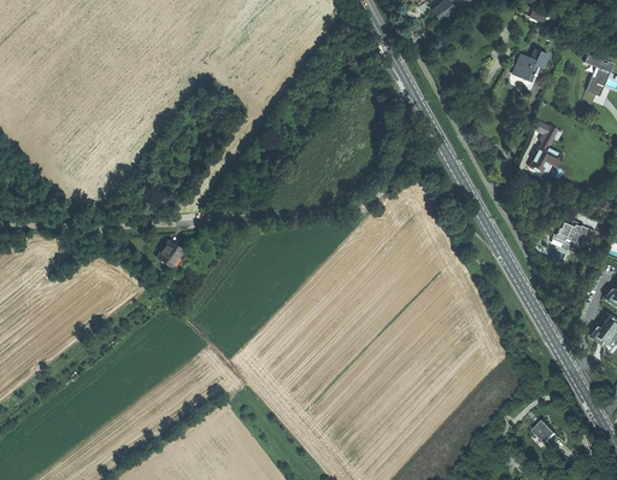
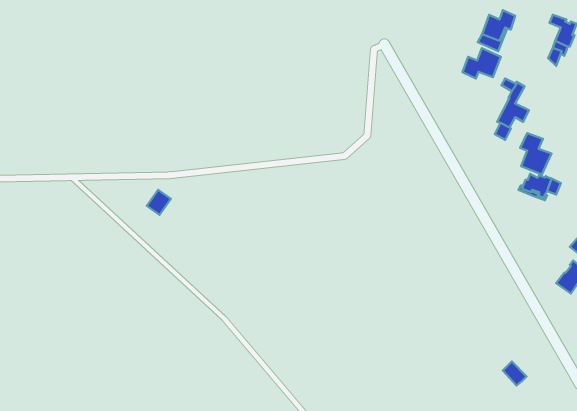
building: none -> [463,48,501,78]
building: none -> [520,133,551,174]

